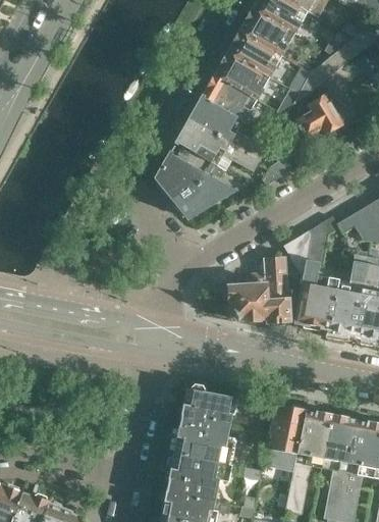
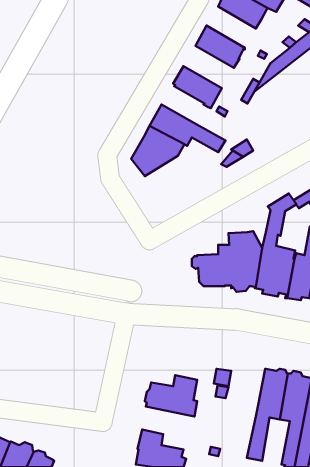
building: [239,8,294,54] -> none
building: [214,52,270,99] -> none
building: [190,94,266,157] -> none
building: [294,94,342,138] -> none
building: [171,174,234,217] -> none
building: [283,230,311,276] -> none
building: [178,383,235,430] -> none
building: [268,405,305,464] -> none
building: [167,453,226,501] -> none

